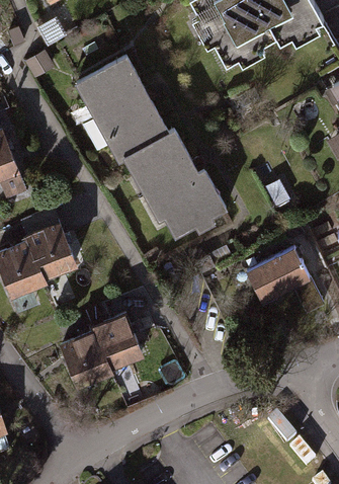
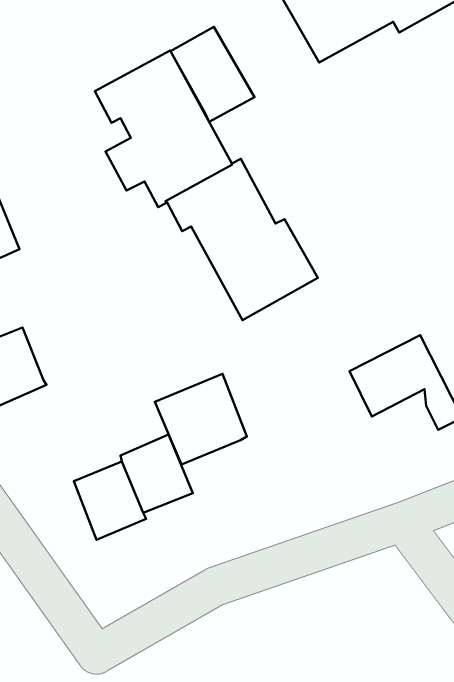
building: none -> [171,27,254,122]
building: [25,223,75,276] -> none
building: none -> [155,374,247,464]

